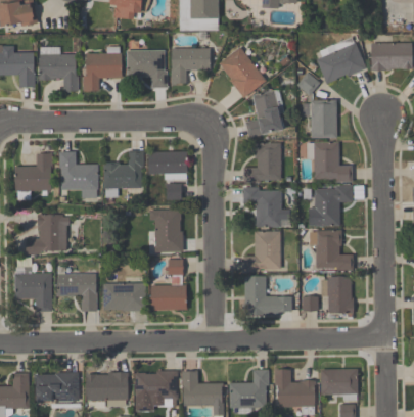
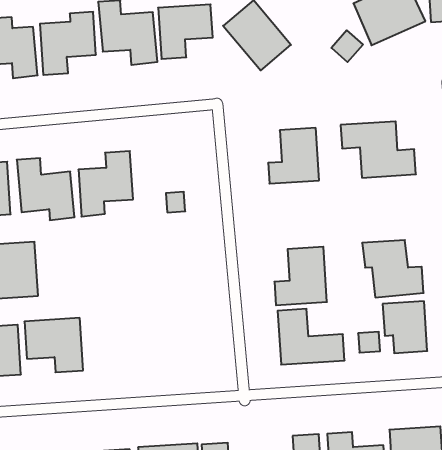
building: [245,90,285,138] -> none
building: [302,100,336,138] -> none
building: [148,151,187,177] -> none
building: [312,185,353,226] -> none
building: [243,188,290,227] -> none
building: [153,210,183,251] -> none
building: [151,259,187,310] -> none
building: [103,282,146,311] -> none

